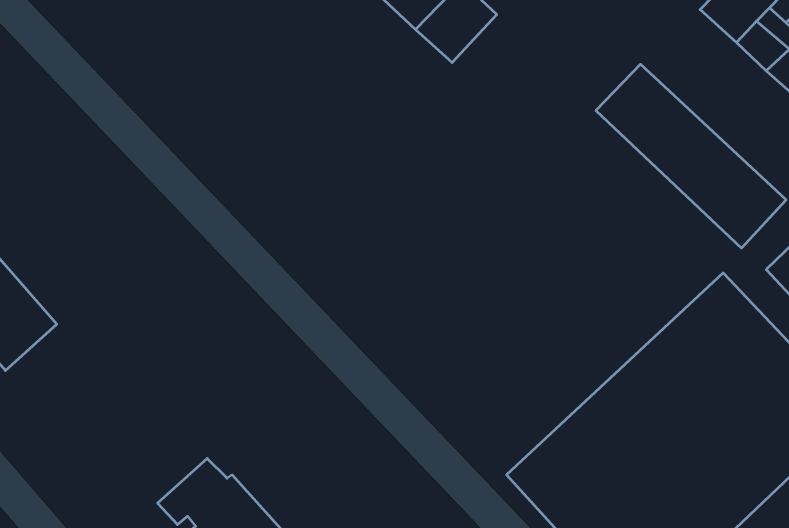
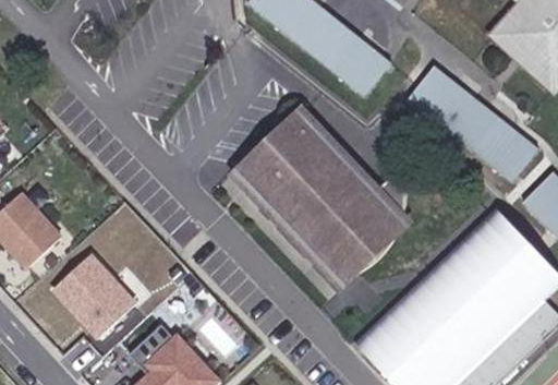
building: none -> [322,33,381,93]
building: none -> [244,115,402,278]
building: none -> [53,253,136,337]

